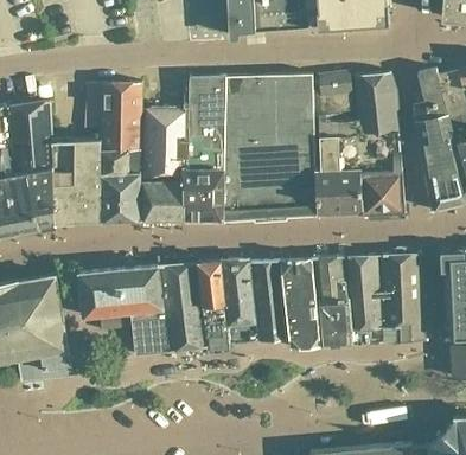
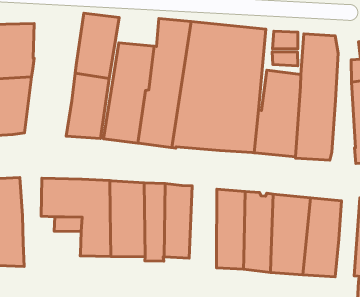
building: [53,140,102,226] -> none
building: [250,262,288,344] -> none

